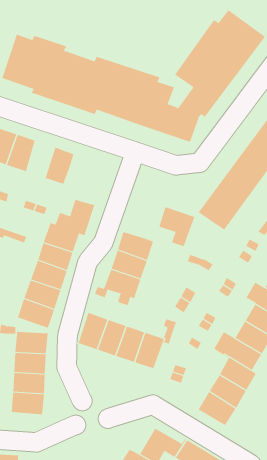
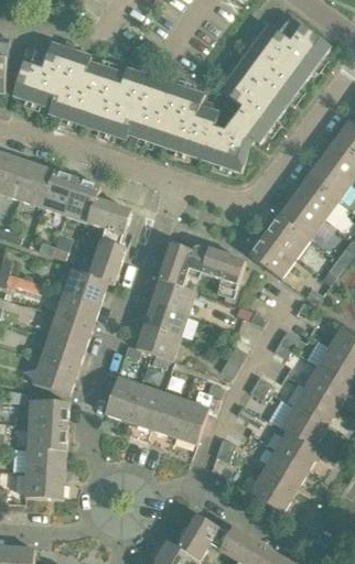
building: none -> [43,170,77,215]
building: none -> [88,198,131,246]
building: none -> [159,242,209,286]

